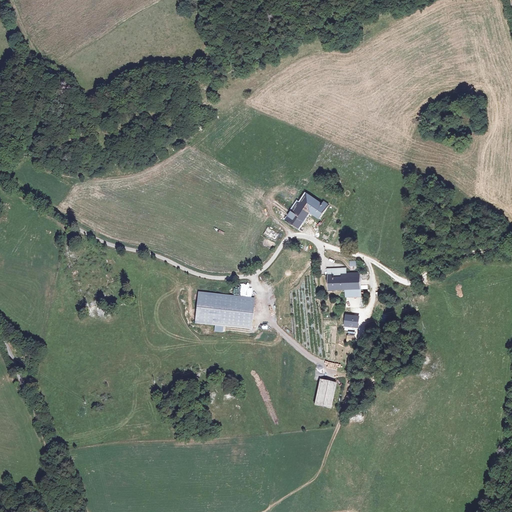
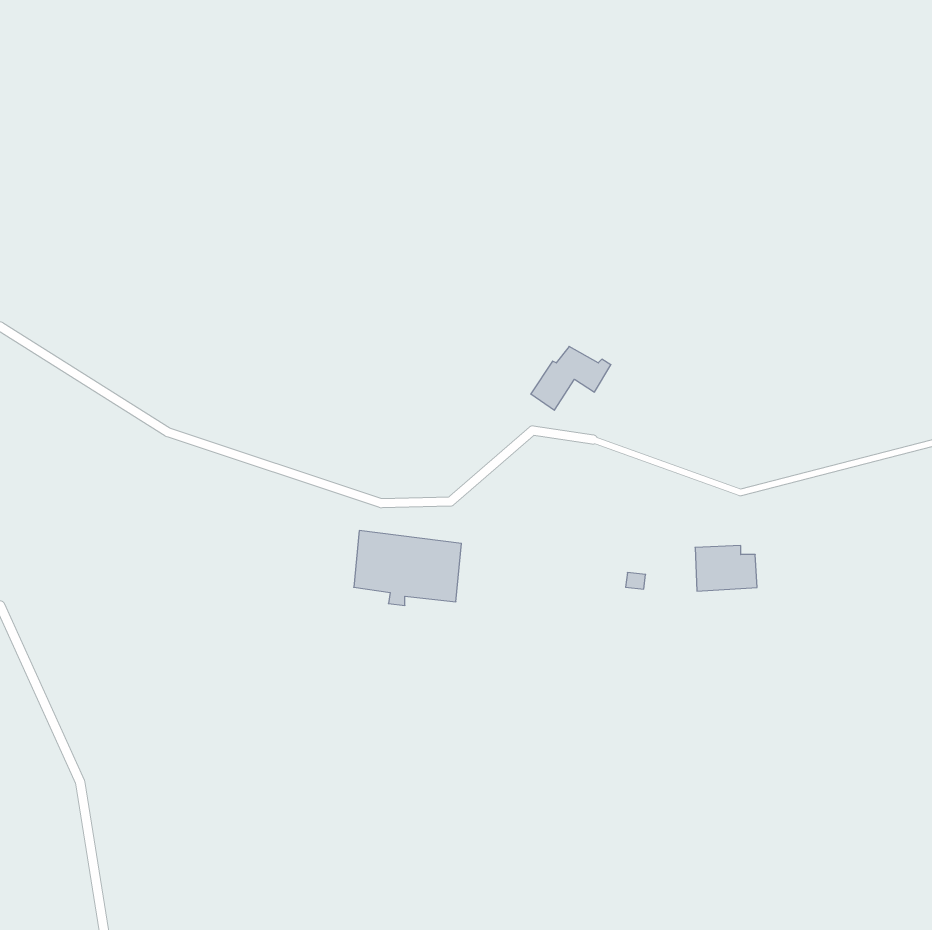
building: [327,265,361,290] -> [695,546,757,591]
building: [312,379,336,409] -> none

